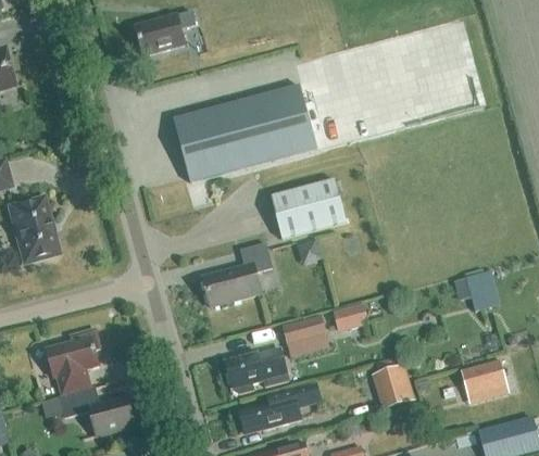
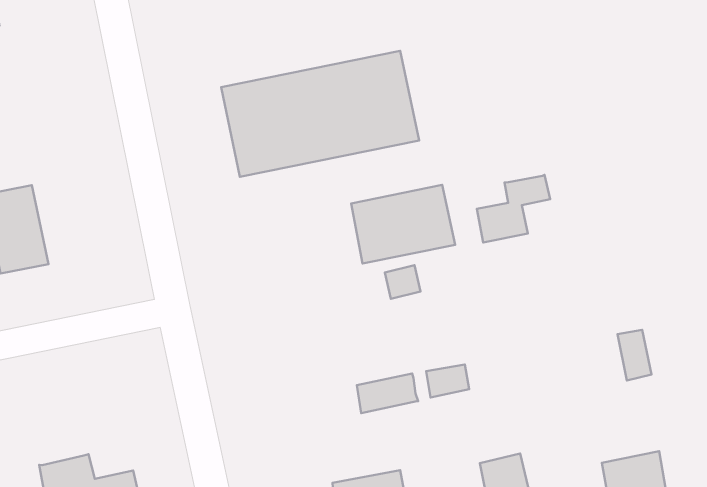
building: none -> [477,175,550,243]
building: [202,242,272,306] -> none
building: [47,328,101,395] -> none
building: [226,347,290,392] -> none

